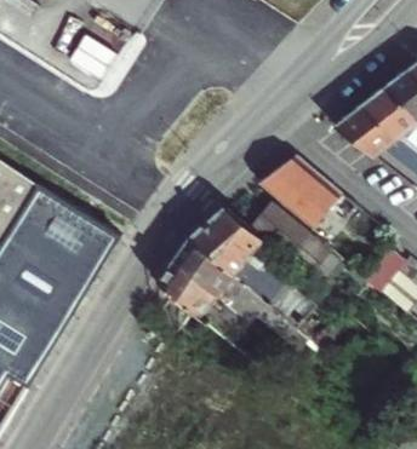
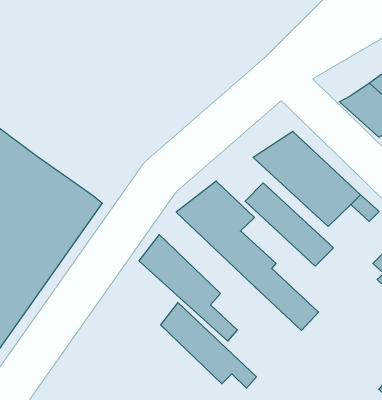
building: [175,238,267,313] -> [161,302,256,388]

